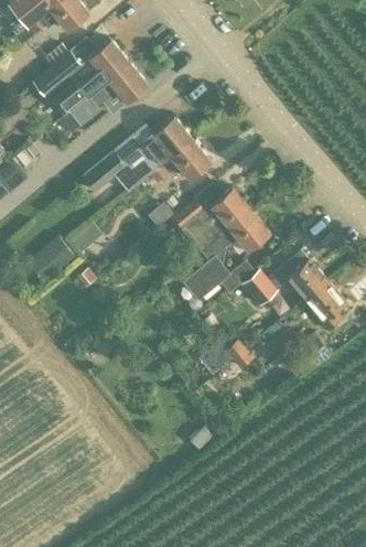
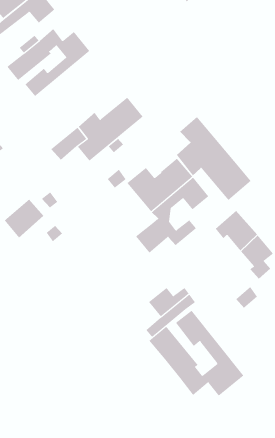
building: [64,62,148,128] -> none
building: none -> [176,116,251,201]
building: [172,139,211,179] -> none
building: [241,269,281,310] -> none
building: none -> [148,310,244,397]

